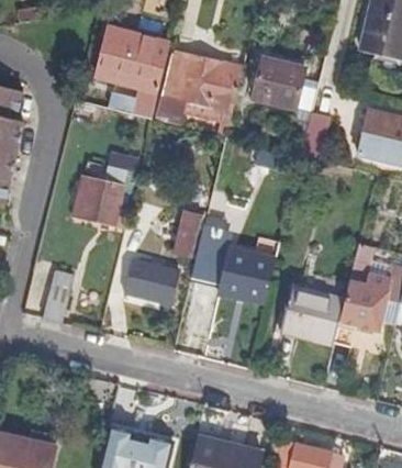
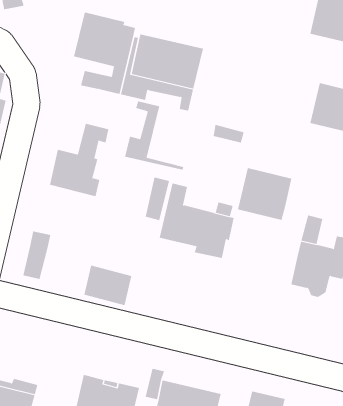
building: [252,57,303,107] -> none
building: [299,111,332,160] -> none
building: none -> [125,100,184,171]
building: [124,258,178,303] -> [83,265,132,306]
building: [283,286,344,344] -> [237,168,292,220]

